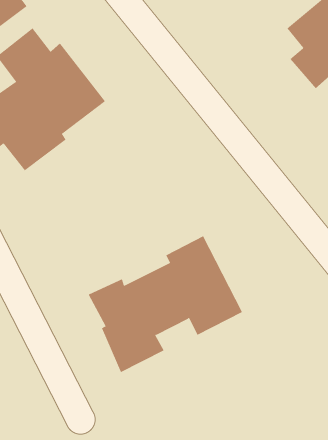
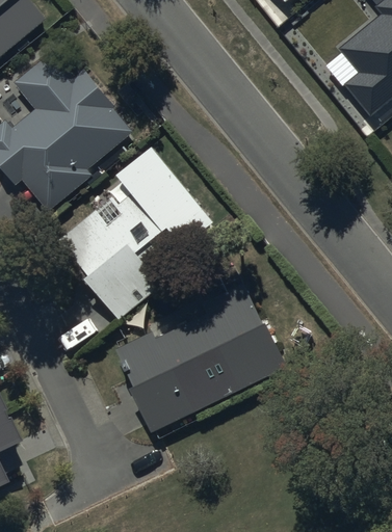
building: none -> [60,145,226,320]

